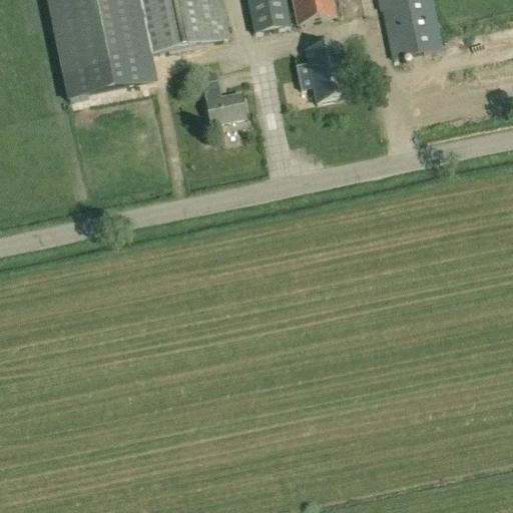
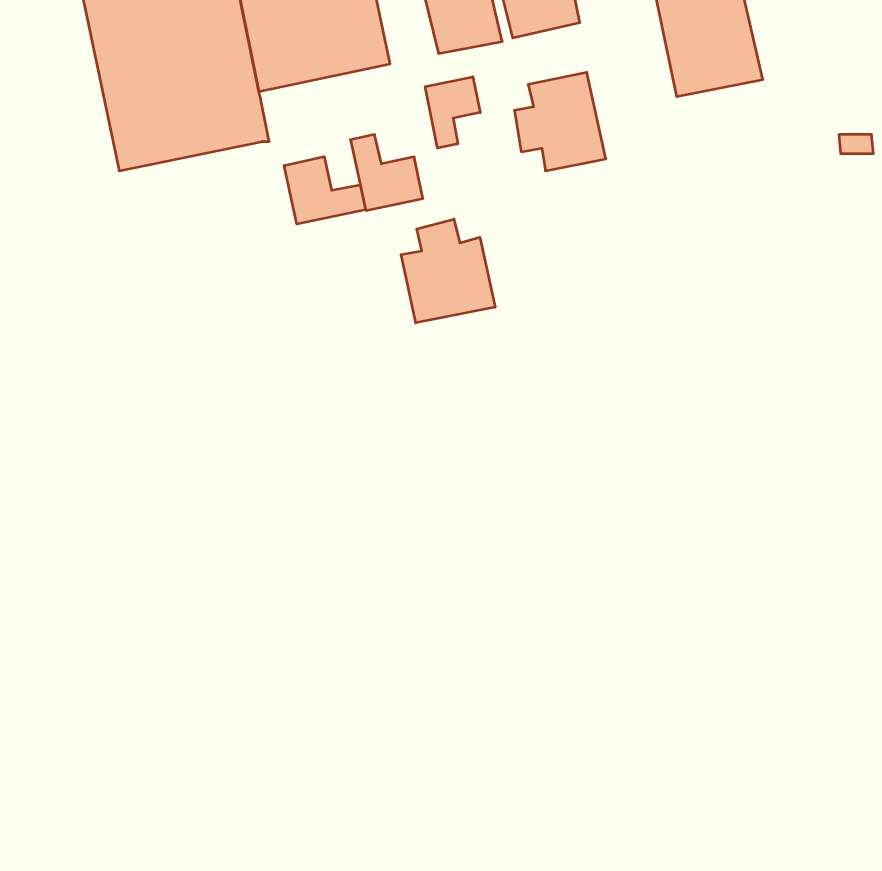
building: none -> [425,77,480,148]
building: none -> [284,157,366,224]
building: none -> [401,219,495,323]

